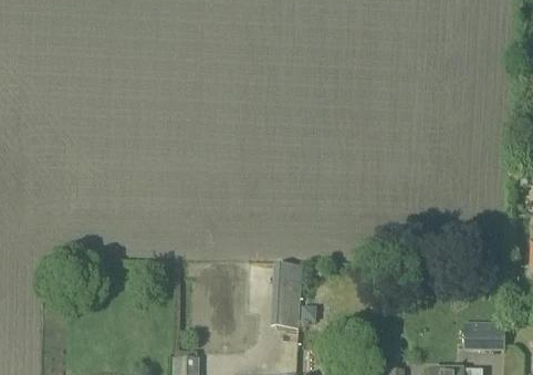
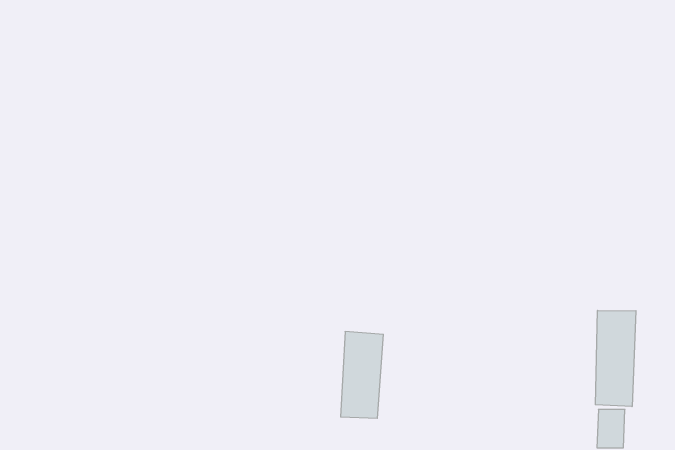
building: none -> [595,310,636,407]

